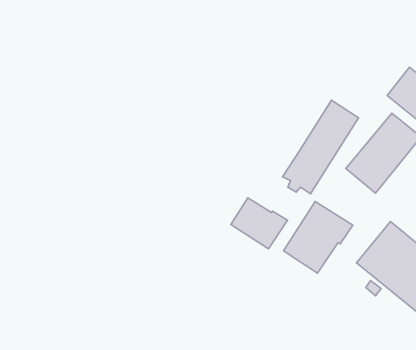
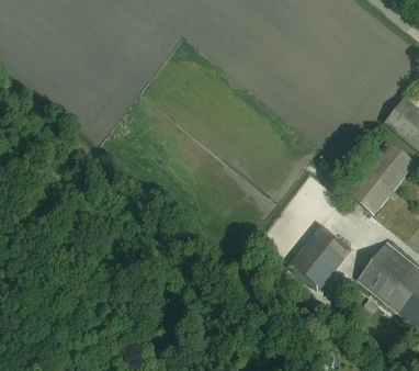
building: [282,100,359,194] -> none
building: [231,198,288,249] -> none

